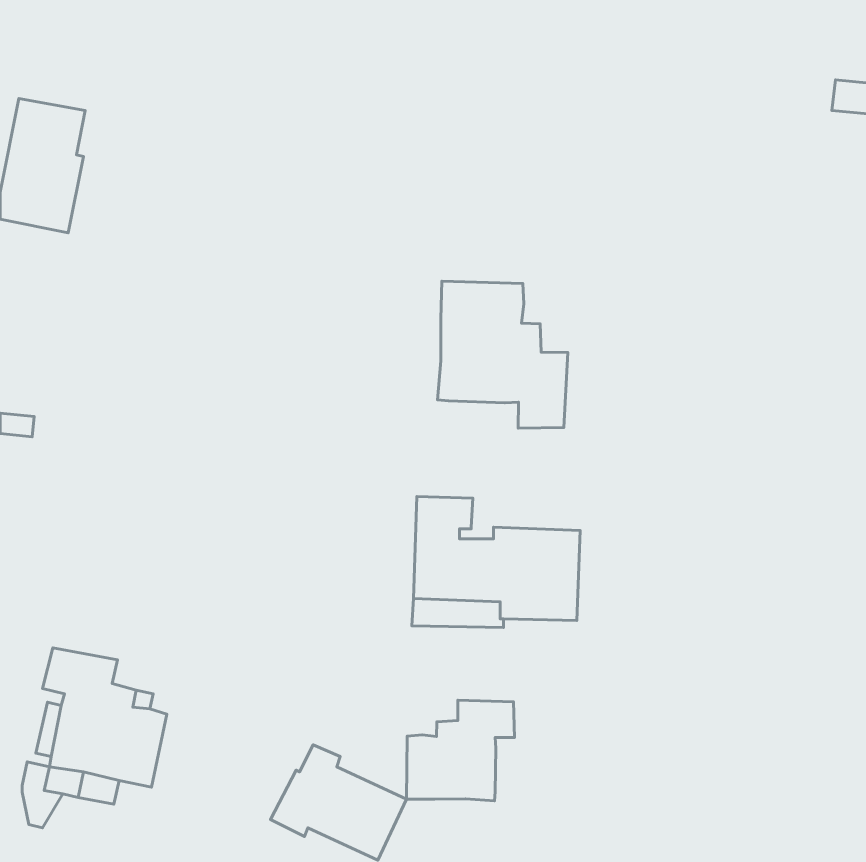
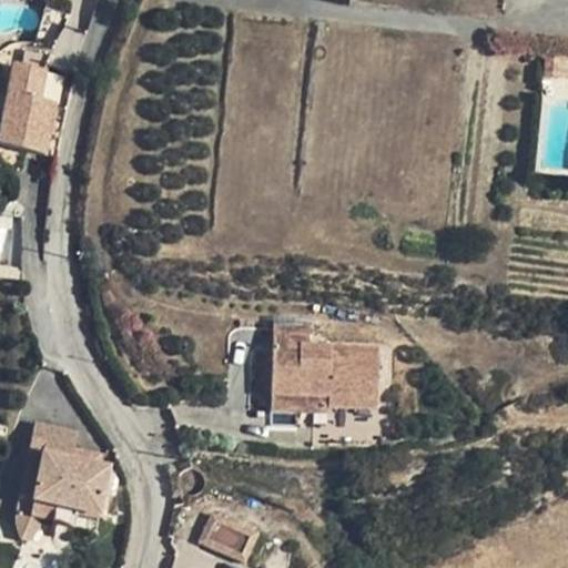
building: [437,281,568,428] -> none
building: [407,700,514,801] -> none

